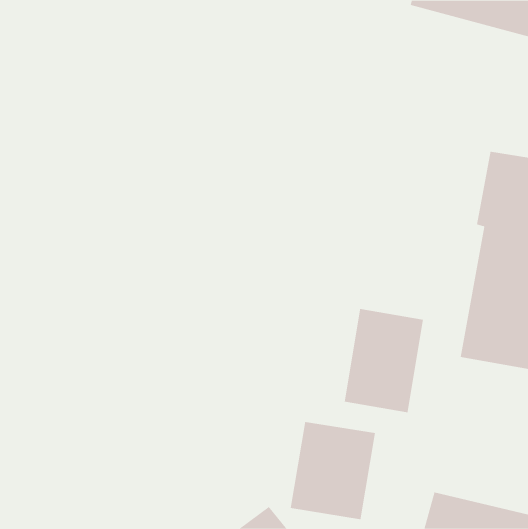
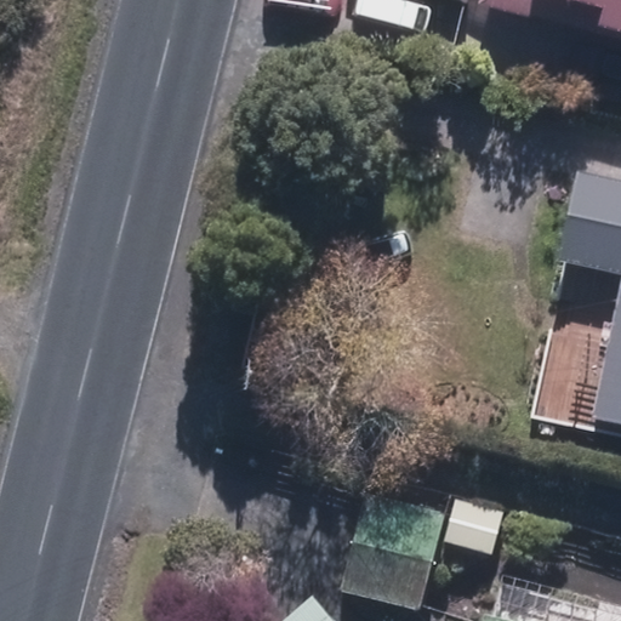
building: [344,308,423,413] -> none

